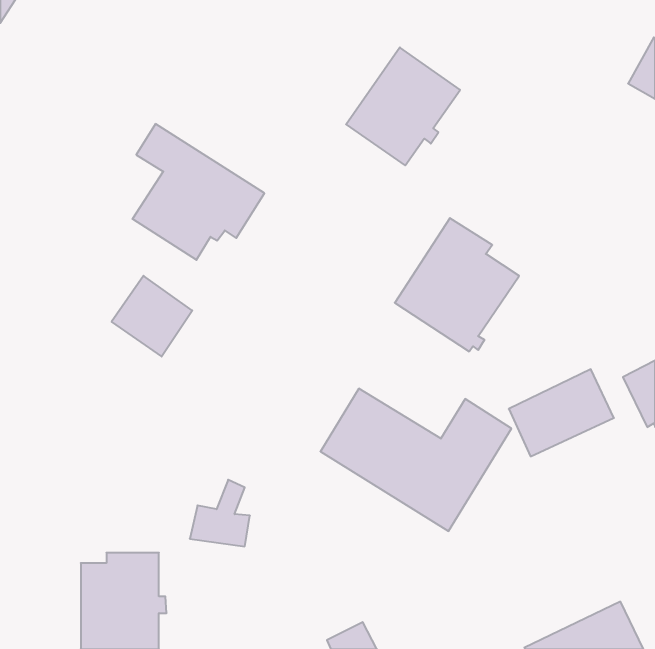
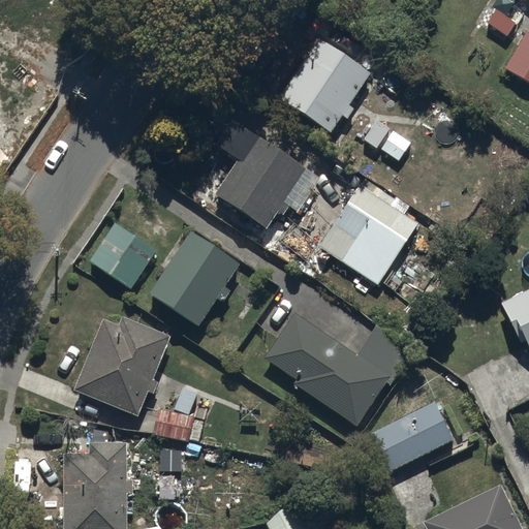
building: [132,124,264,260] -> [215,121,321,230]
building: none -> [151,232,240,326]
building: [509,369,614,456] -> [369,401,454,471]
building: none -> [74,318,172,416]

